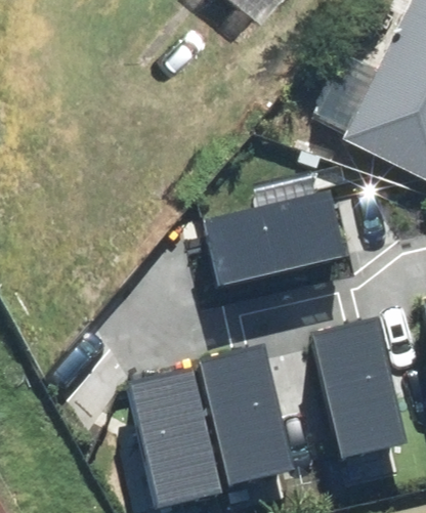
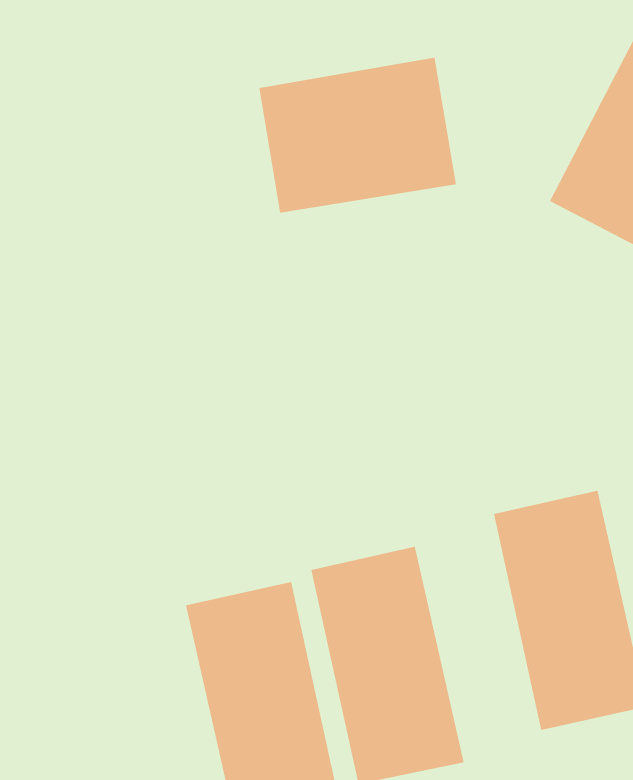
building: none -> [259,57,457,213]
building: [194,200,338,287] -> none

